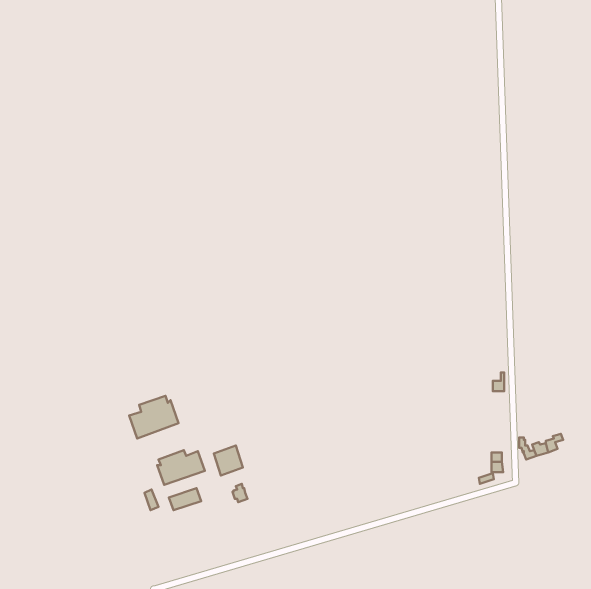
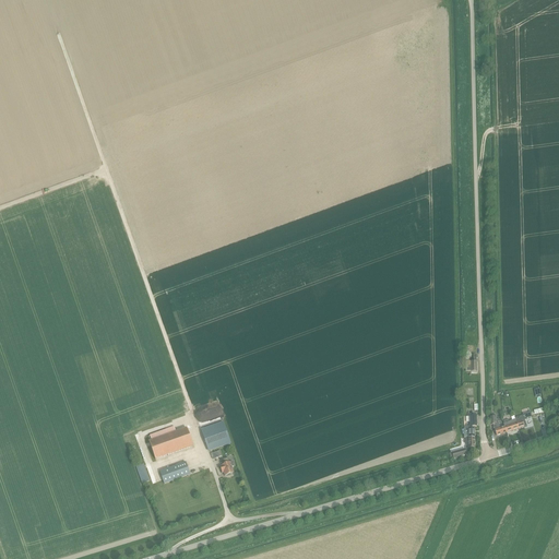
building: [129,396,179,438] -> none

